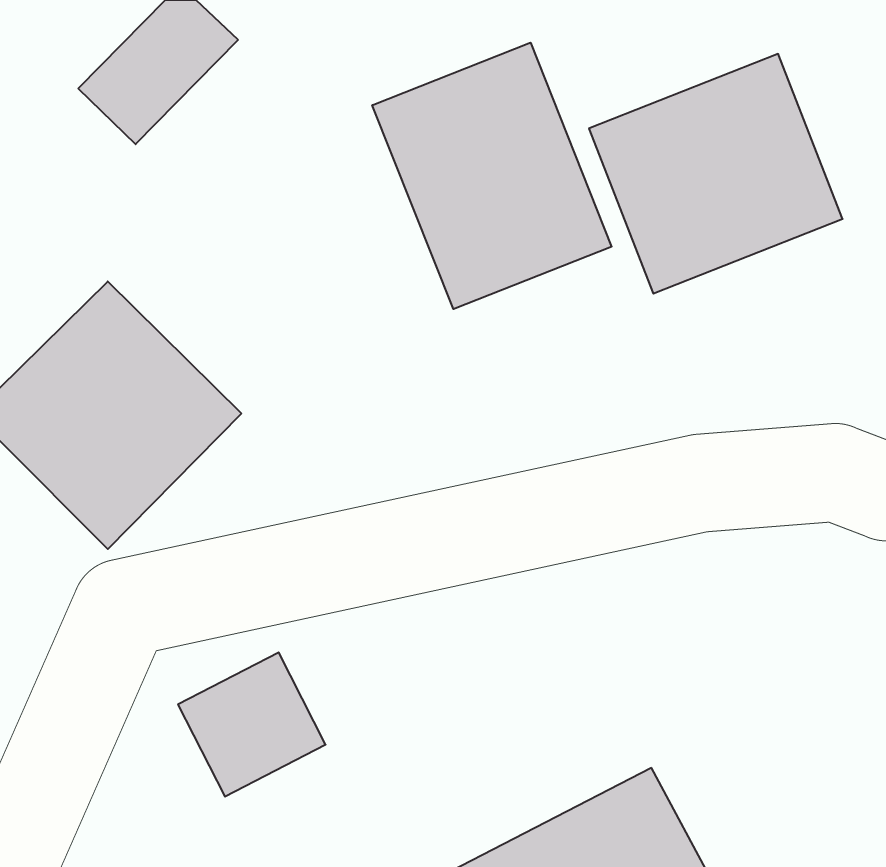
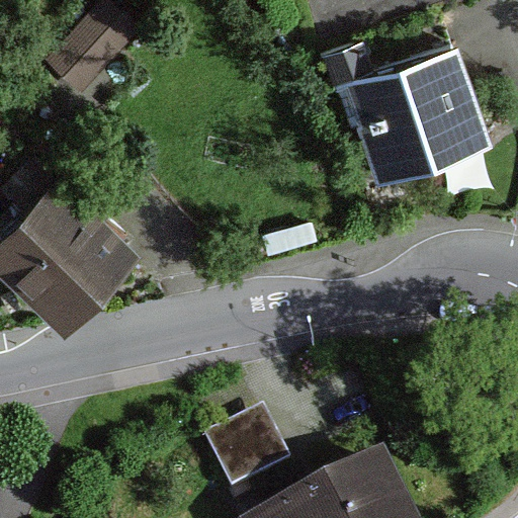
building: [372,43,612,309] -> none
building: [178,652,326,797] -> [204,416,290,500]

